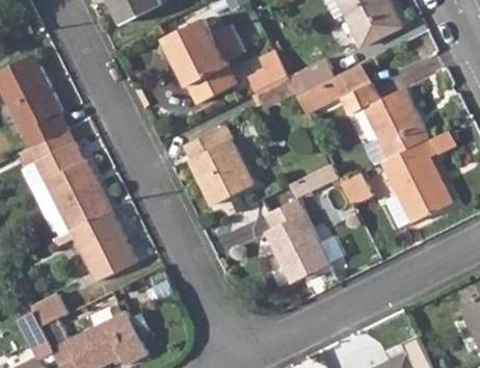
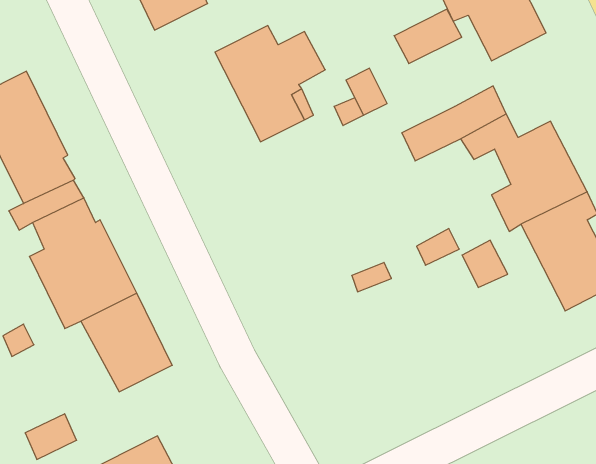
building: [287,58,335,97] -> [394,9,462,64]
building: [182,124,252,205] -> none
building: [264,199,329,284] -> none

